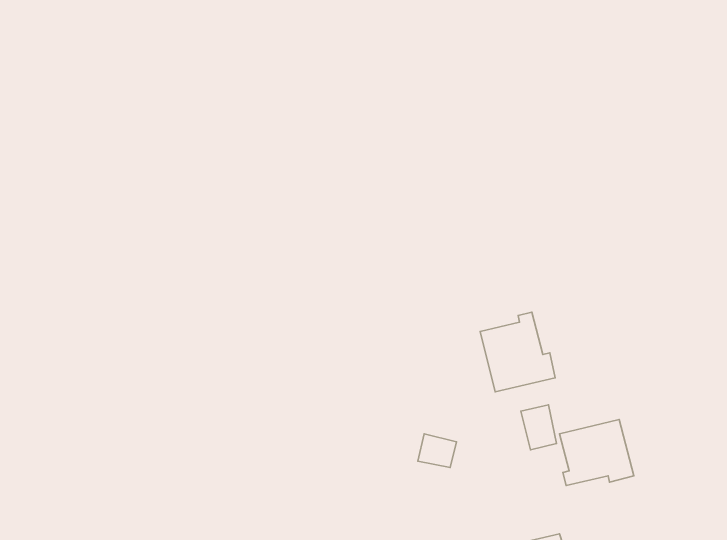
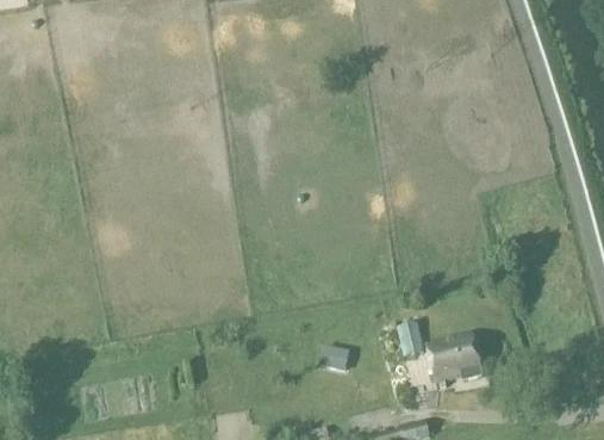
building: [480,312,555,392] -> none

